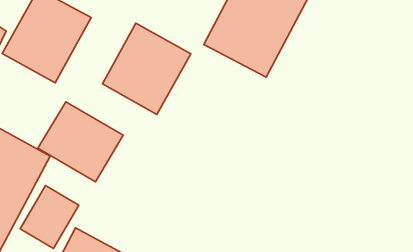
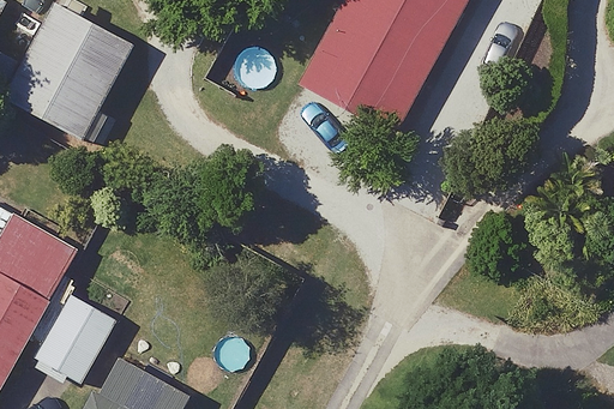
building: [103,23,191,114] -> none
building: [38,102,123,182] -> none

